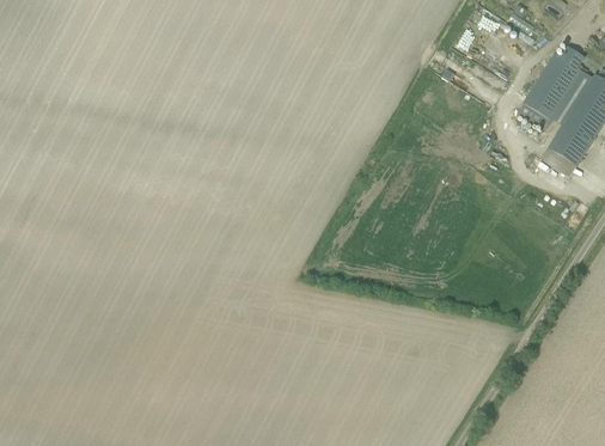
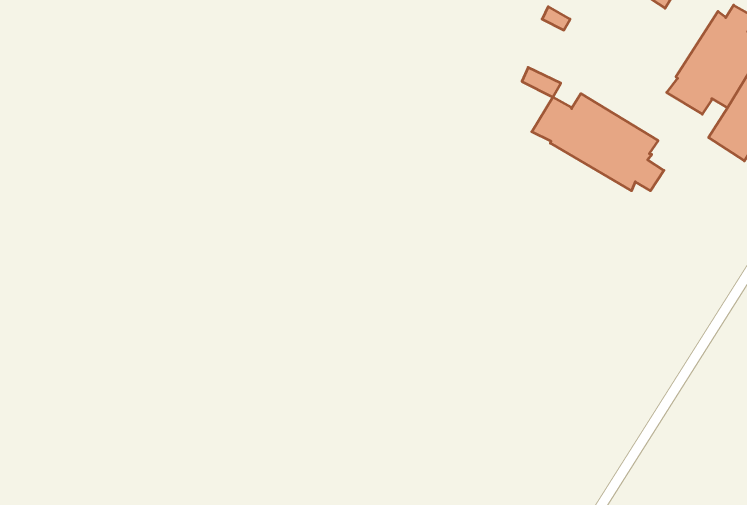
building: none -> [532,94,664,191]

